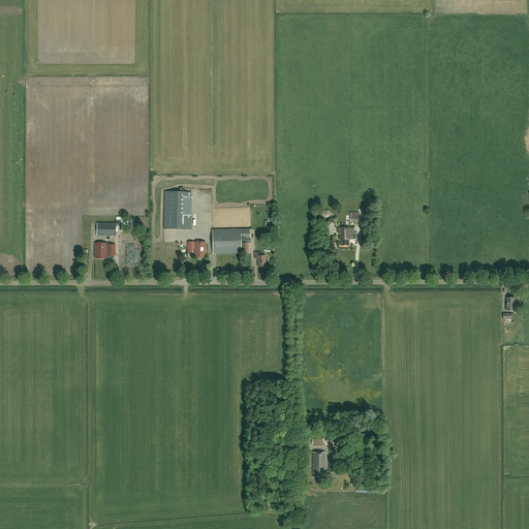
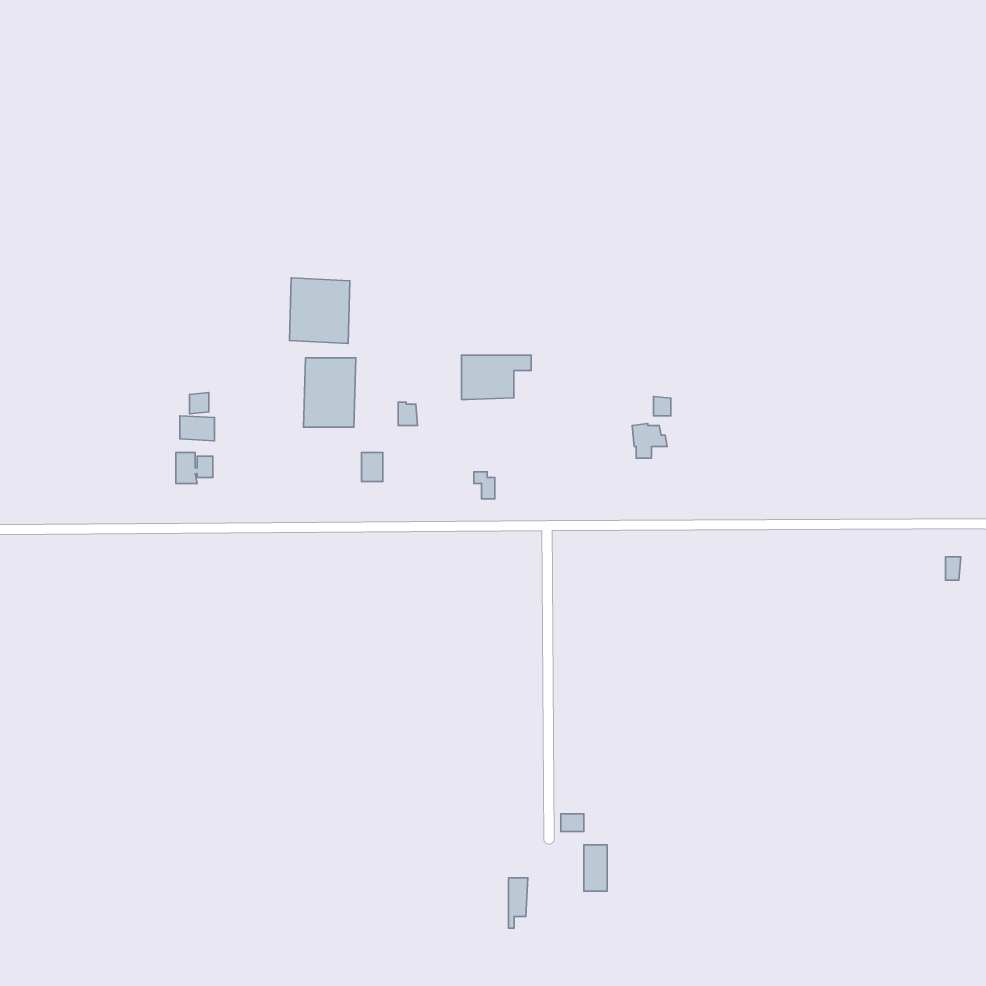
building: none -> [290,278,350,343]
building: [212,229,249,253] -> [462,355,531,400]

